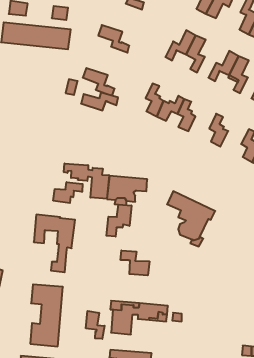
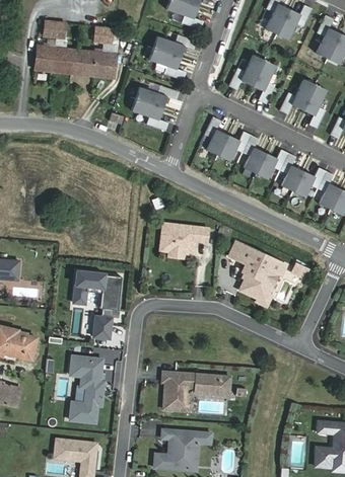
building: none -> [153,34,197,56]
building: [81,92,118,110] -> [135,85,179,106]
building: none -> [256,149,288,178]
building: none -> [293,166,327,195]
building: [64,163,109,199] -> none
building: [53,182,83,203] -> none
building: [106,205,131,237] -> none
building: [121,250,149,275] -> none
building: [86,311,105,339] -> none

